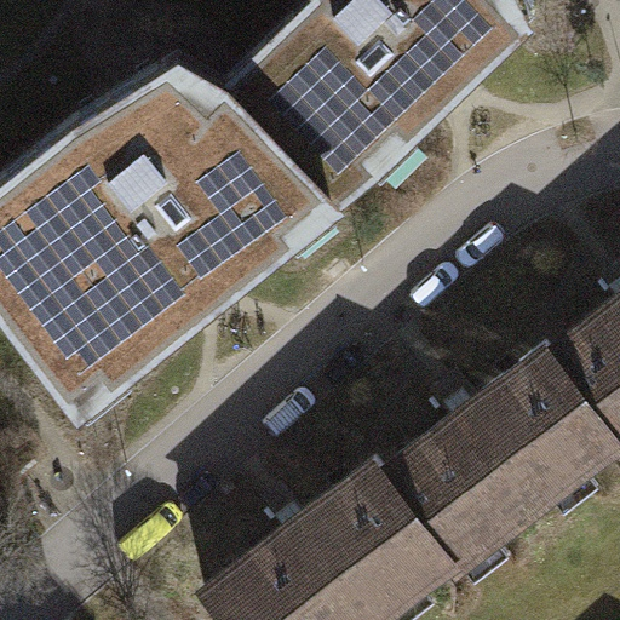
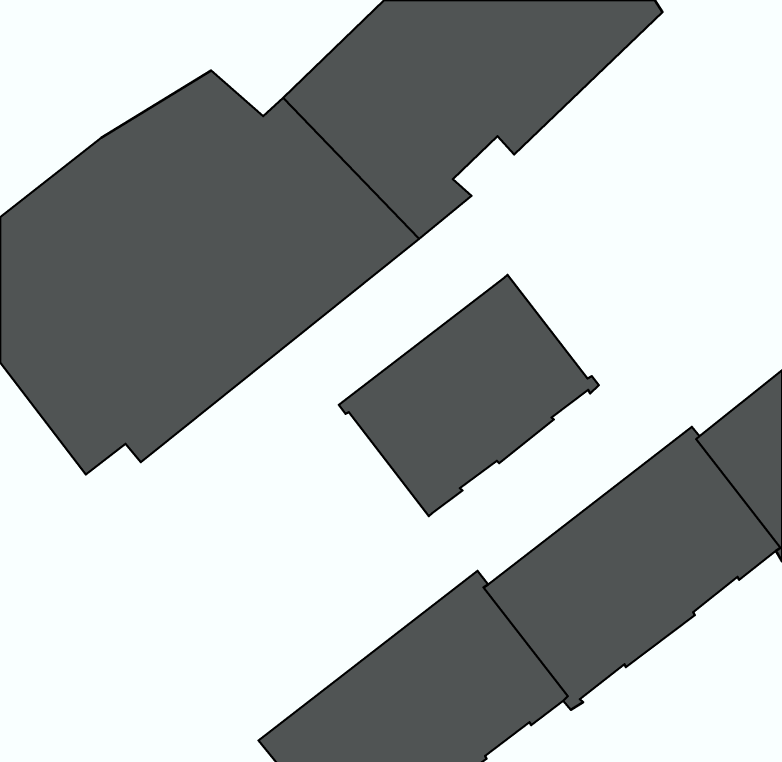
building: none -> [339,275,599,516]

